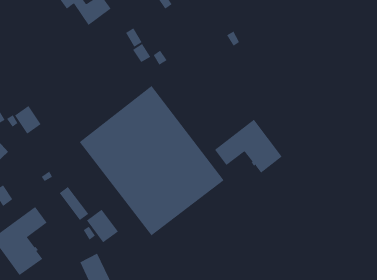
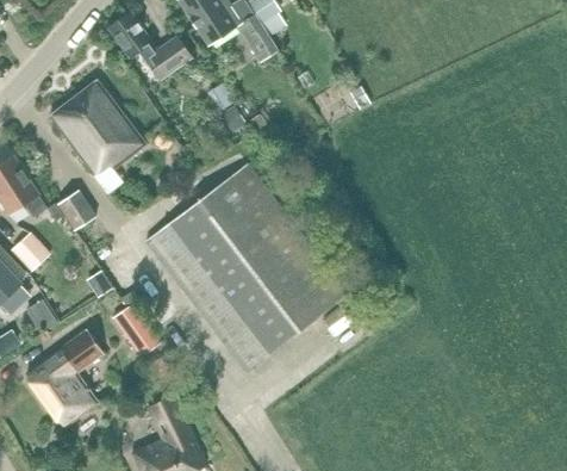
building: none -> [49,79,144,174]
building: [214,119,283,174] -> none
building: [86,209,119,243] -> none

